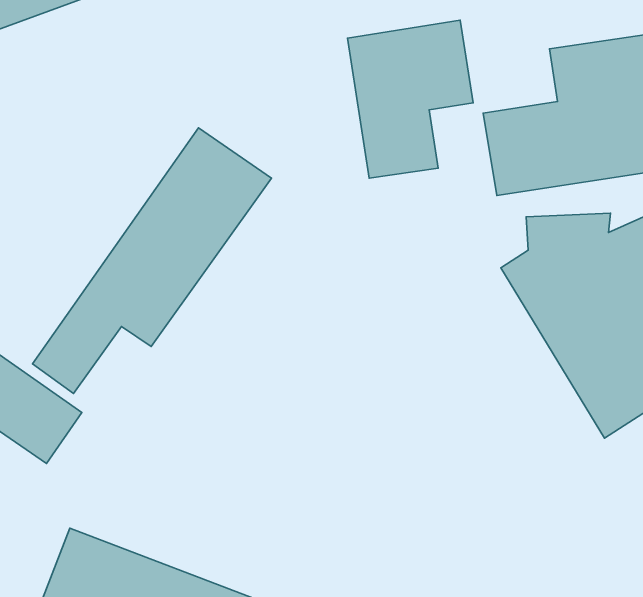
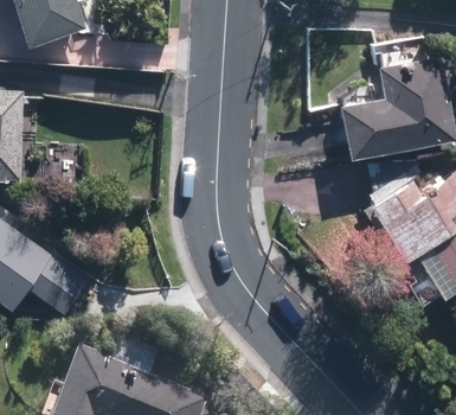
building: [348,20,473,178] -> none
building: [32,128,271,393] -> none

